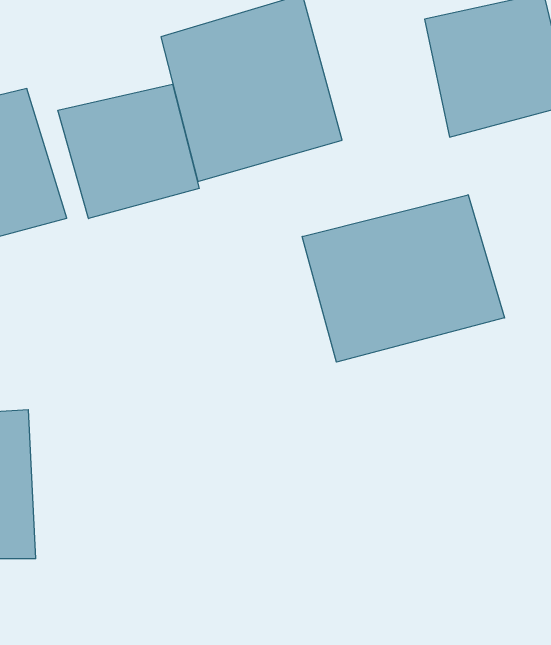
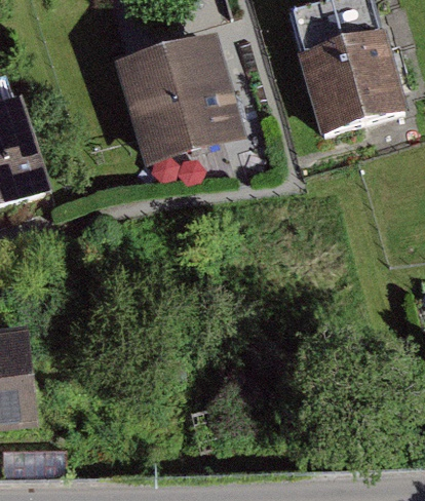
building: [58,84,199,219] -> none
building: [302,195,505,362] -> none

